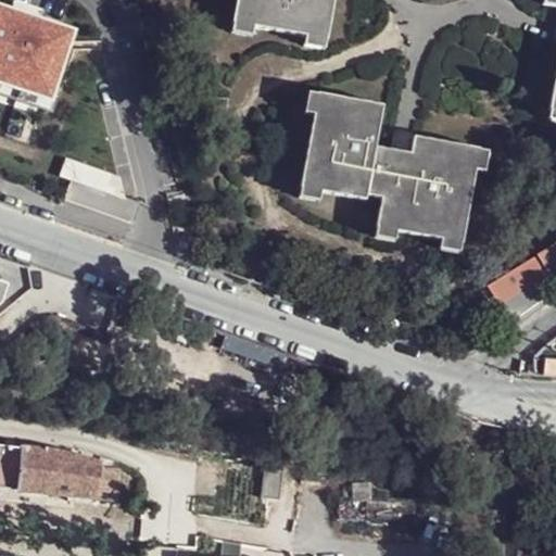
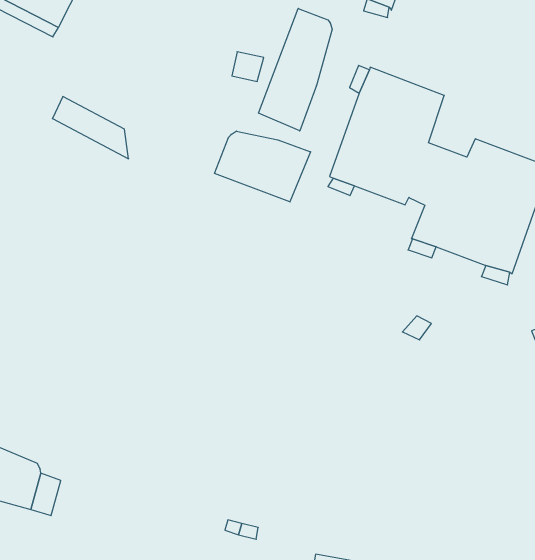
building: none -> [259,8,332,131]
building: none -> [215,131,311,202]

